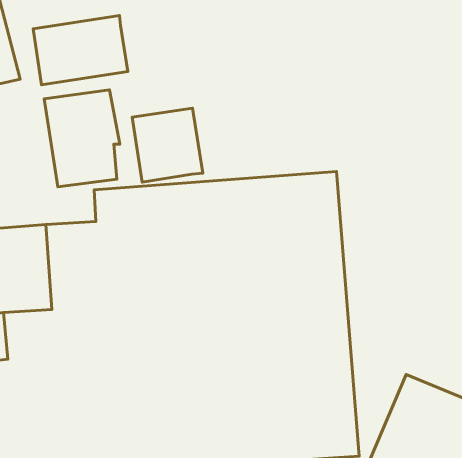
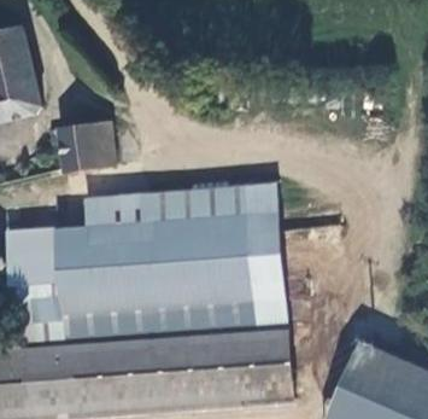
building: [33,15,128,85] -> none
building: [132,108,203,182] -> none

